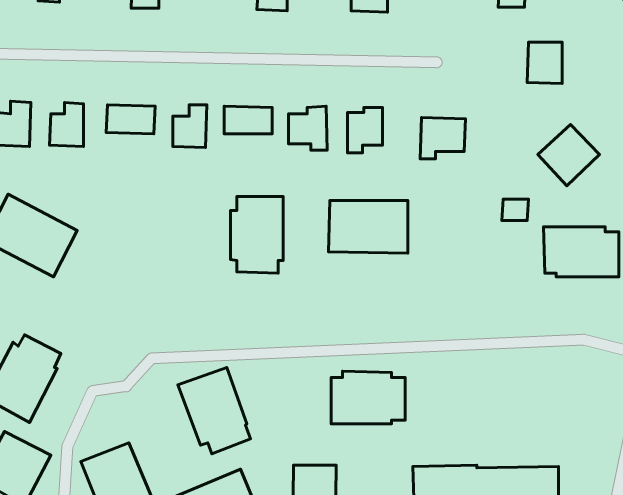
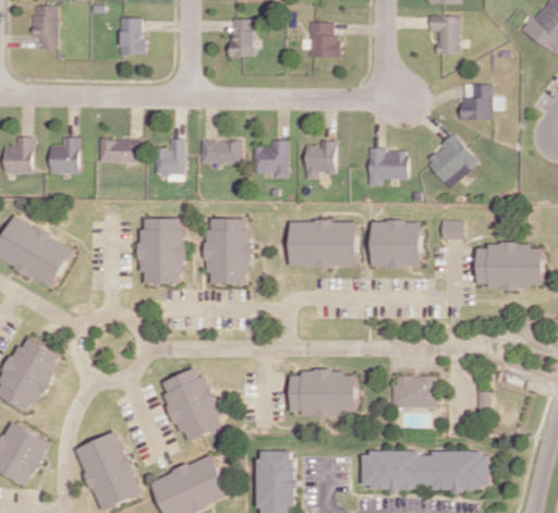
building: [538,124,599,186] -> [425,135,478,188]
building: none -> [140,218,184,283]
building: none -> [373,221,422,267]
building: none -> [391,375,435,407]

